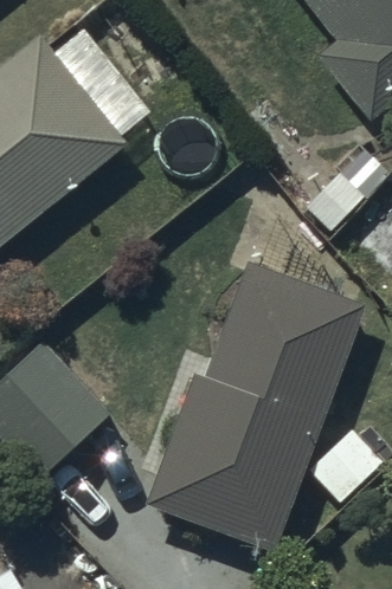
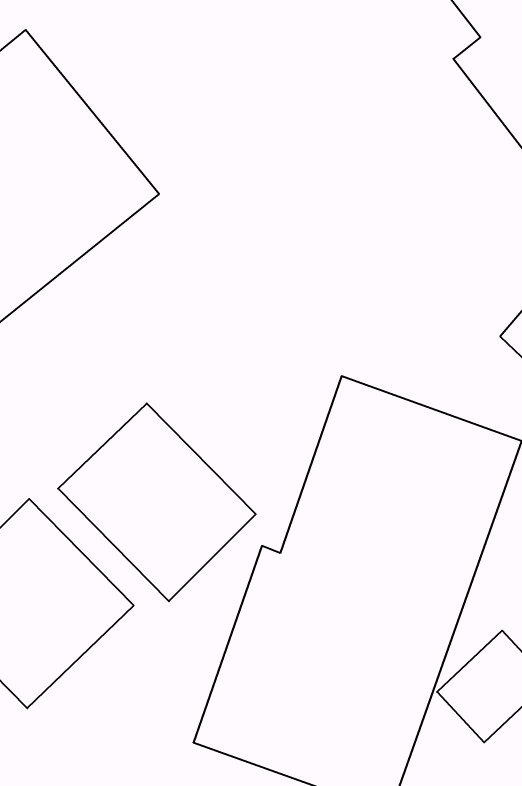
building: none -> [58,403,256,601]

